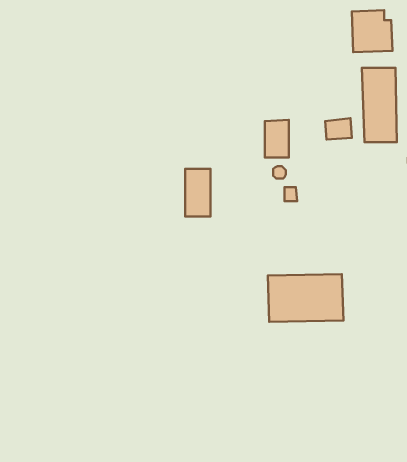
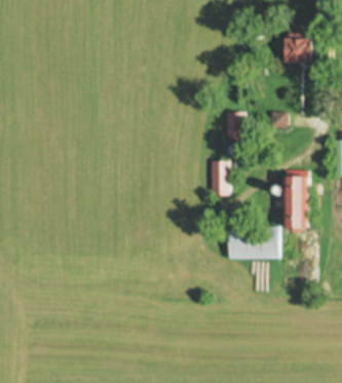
building: [362,68,397,142] -> [282,171,308,226]
building: [185,169,210,217] -> [210,162,228,197]

